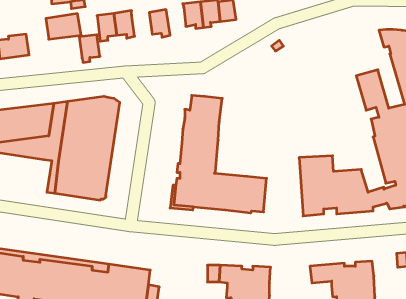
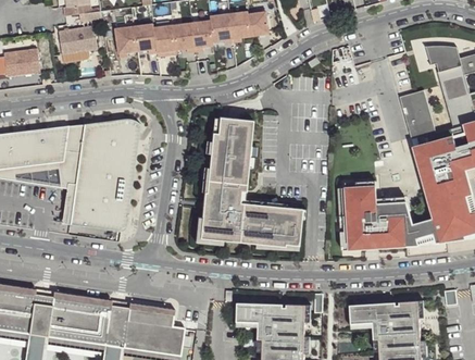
building: none -> [190,21,213,51]
building: [79,35,100,62] -> [152,26,175,57]

